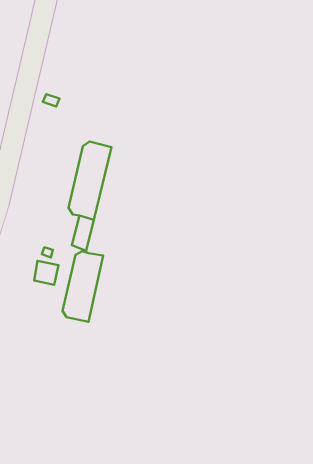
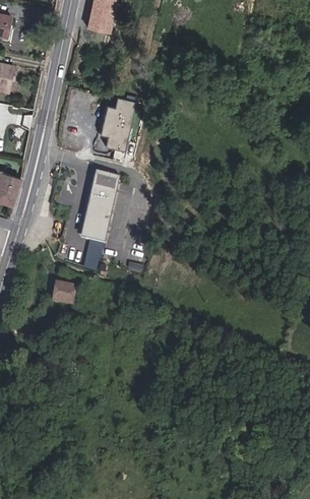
building: none -> [97,96,137,149]
building: [62,251,103,322] -> none

